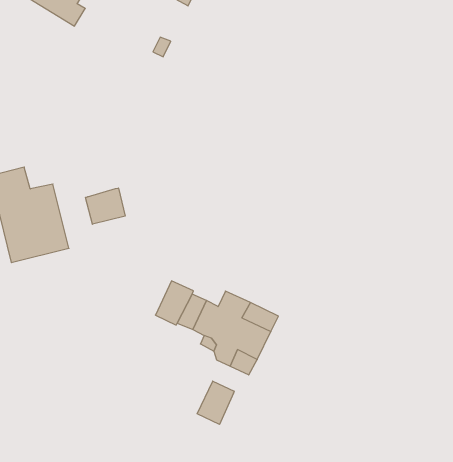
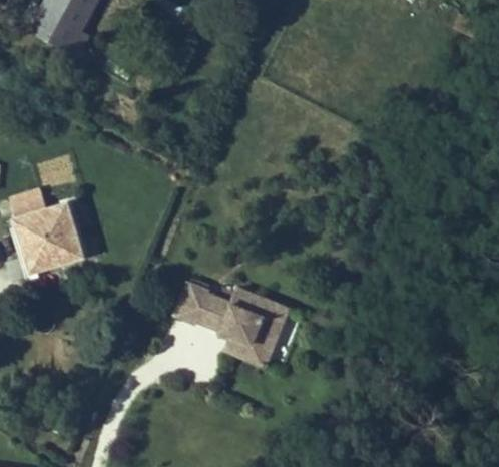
building: [86,188,125,224] -> none
building: [197,381,234,424] -> none

